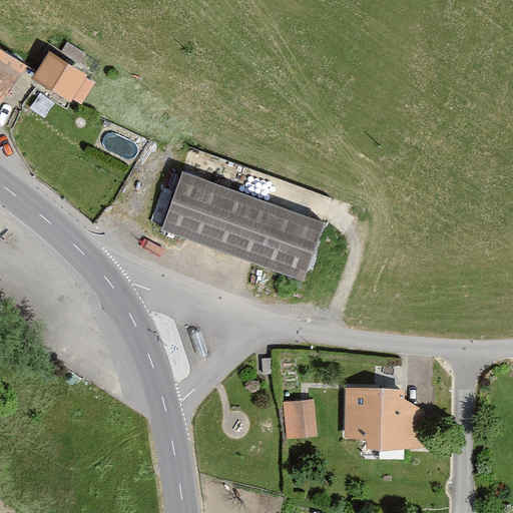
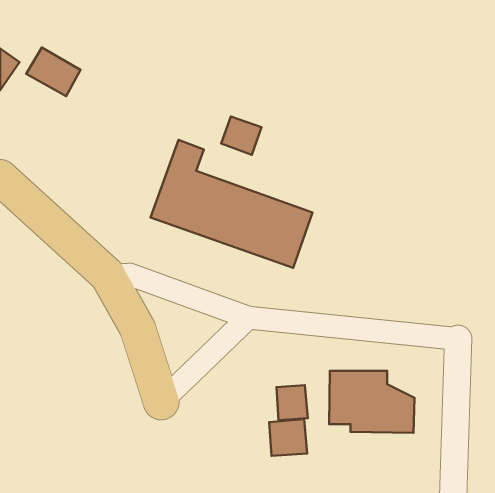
building: none -> [221,116,262,155]
building: none -> [269,419,307,456]

